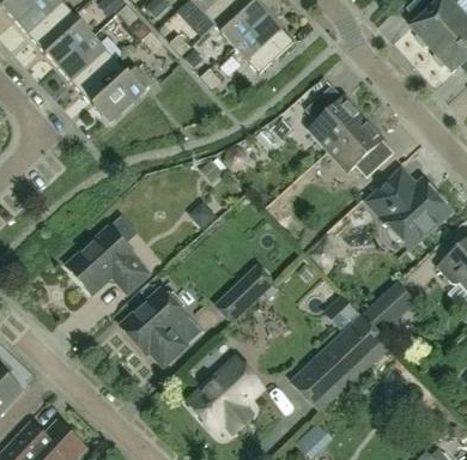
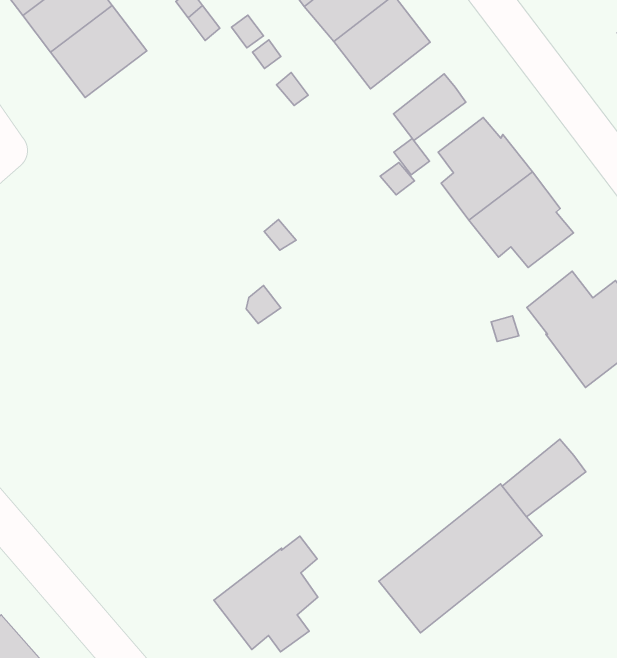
building: none -> [393,74,466,140]
building: [81,61,150,123] -> none
building: [66,225,148,293] -> none
building: [214,260,278,321] -> none
building: [120,286,187,364] -> none

